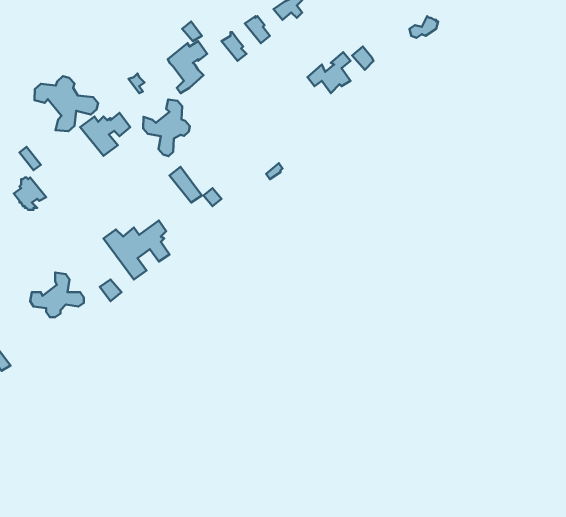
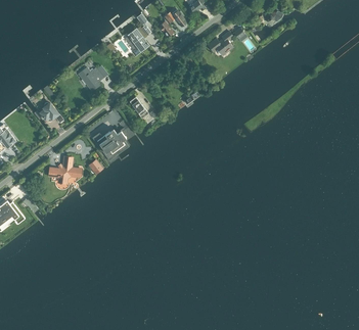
building: [34,76,98,131] -> none
building: [143,100,190,156] -> none

